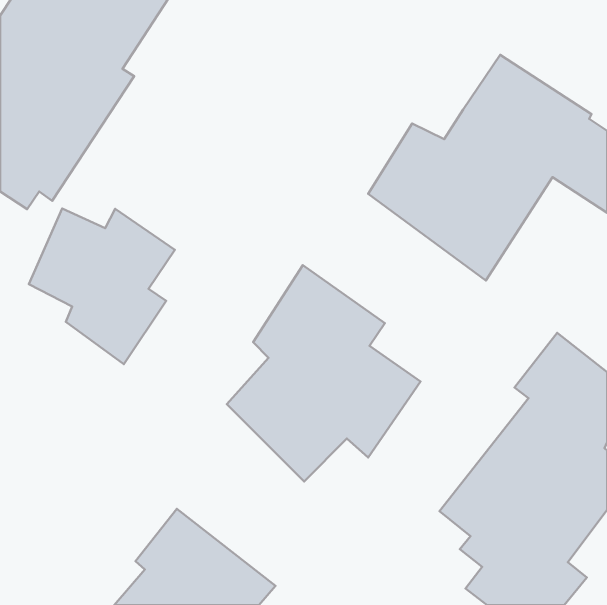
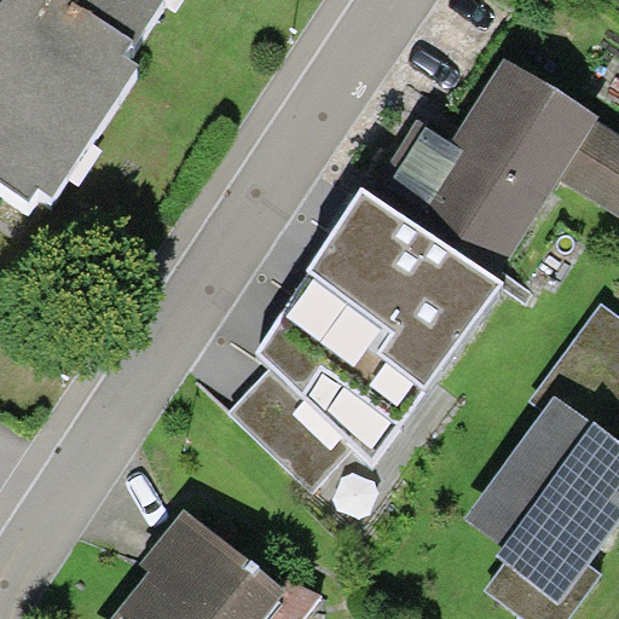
building: none -> [308,190,501,388]
building: [29,208,175,364] -> none

